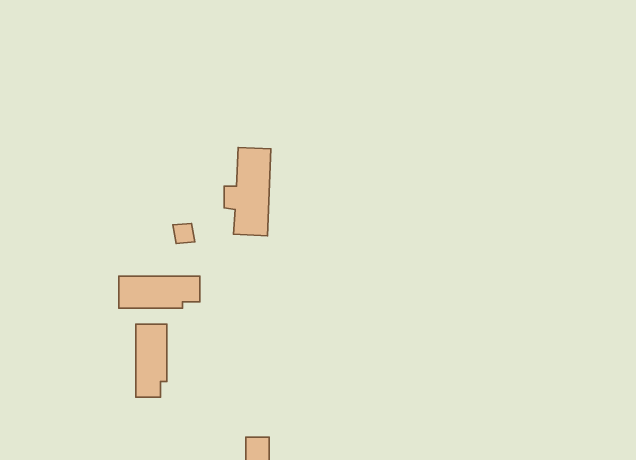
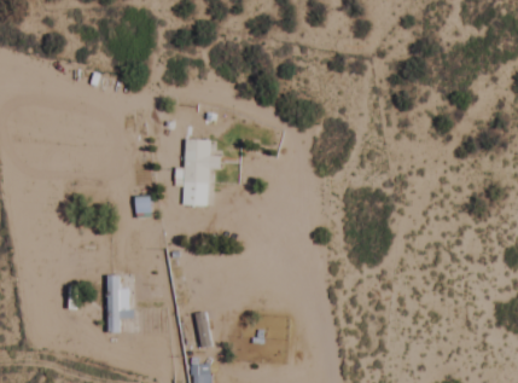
building: [119,276,200,308] -> none

